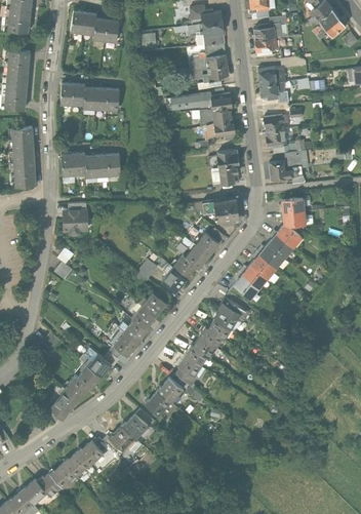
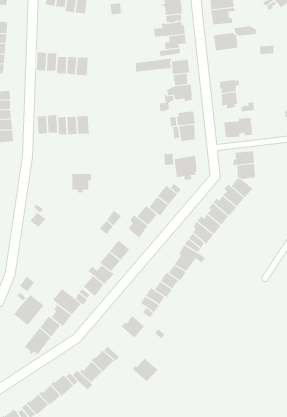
building: [259,81,288,101] -> none
building: [64,211,86,233] -> [71,173,92,193]
building: none -> [14,294,44,326]
building: [142,390,170,417] -> [132,358,158,382]

